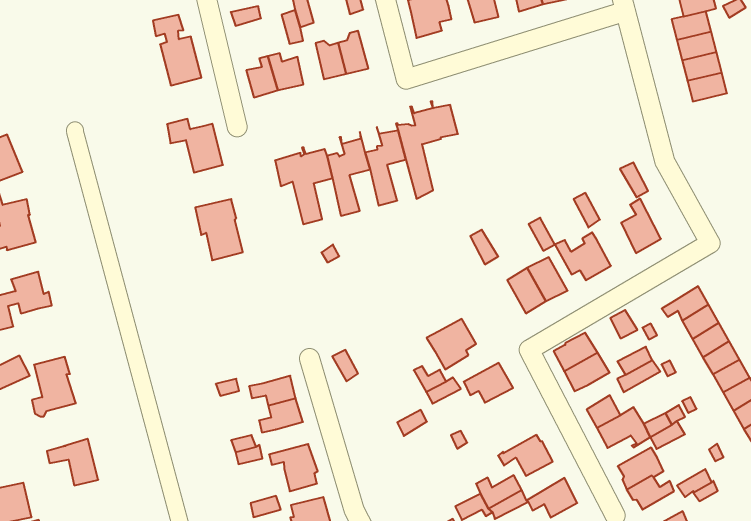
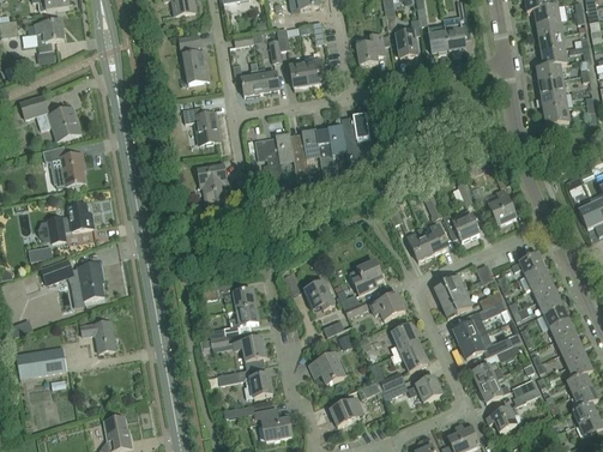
building: none -> [304,281,334,309]
building: none -> [391,324,418,355]
building: none -> [309,352,344,384]

